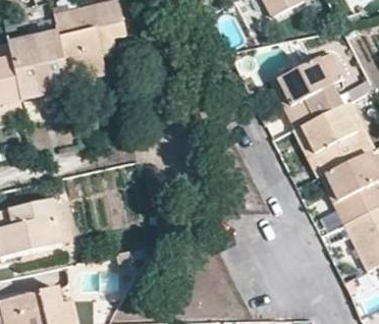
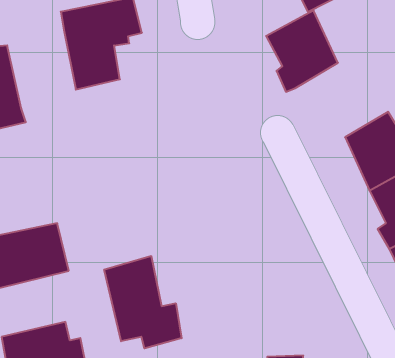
building: [7,33,68,100] -> none
building: [278,57,341,128] -> [266,10,338,92]
building: none -> [104,256,182,348]

